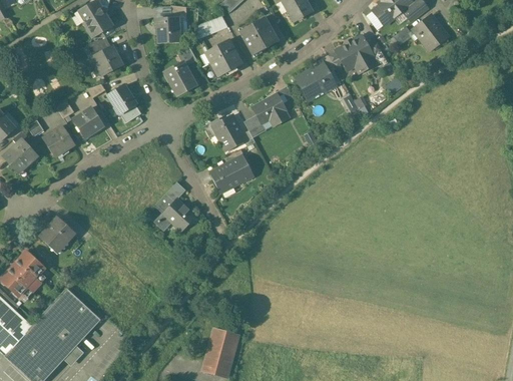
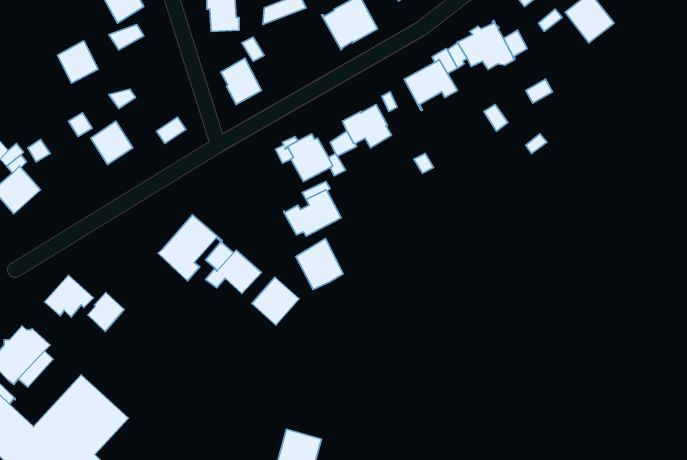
building: [206,40,242,77] -> none
building: [93,46,122,76] -> [58,41,98,83]
building: [108,85,136,114] -> none
building: [44,126,74,156] -> none
building: none -> [158,215,222,281]
building: none -> [296,238,343,290]
building: none -> [252,277,299,325]
building: none -> [88,292,124,331]

